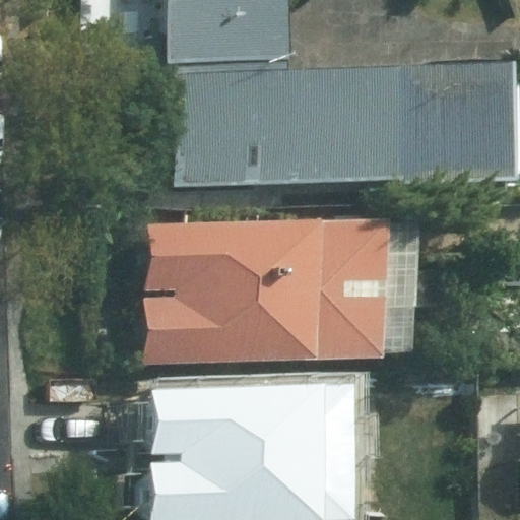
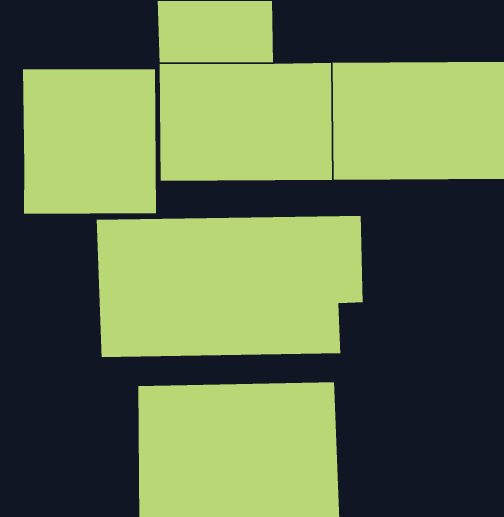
building: none -> [22,68,157,215]

